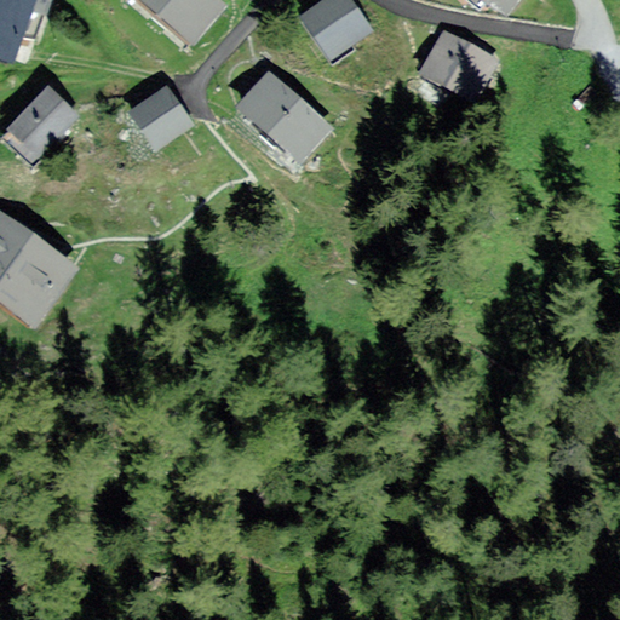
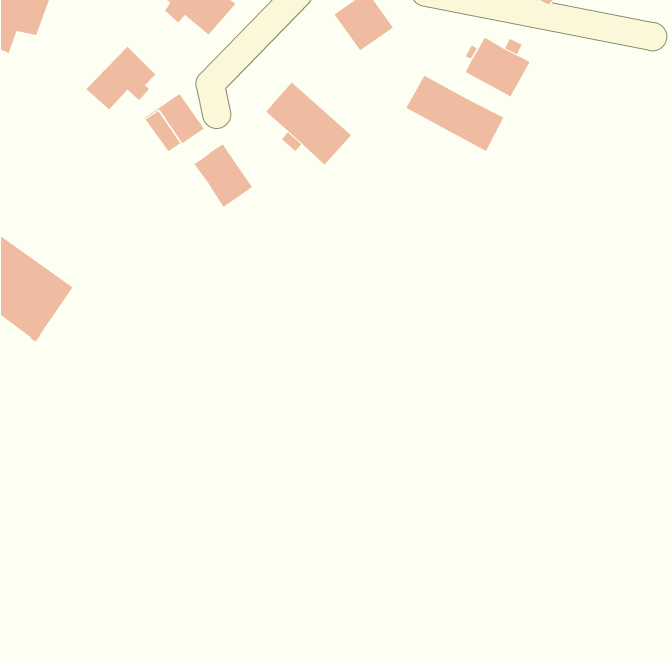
building: none -> [406,75,504,152]
building: [10,85,75,144] -> [85,46,156,110]
building: none -> [194,144,253,208]

